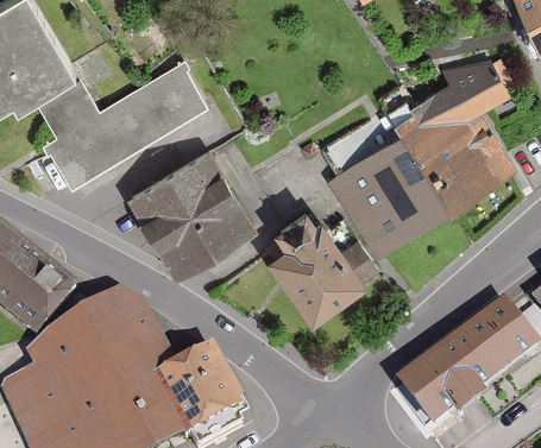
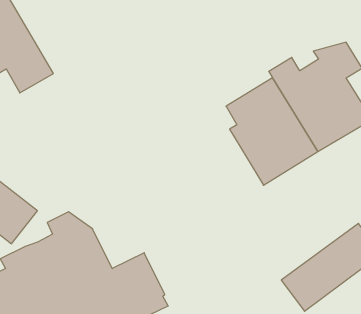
building: [44,59,208,185] -> none
building: [128,150,251,271] -> none
building: [266,203,378,315] -> none

